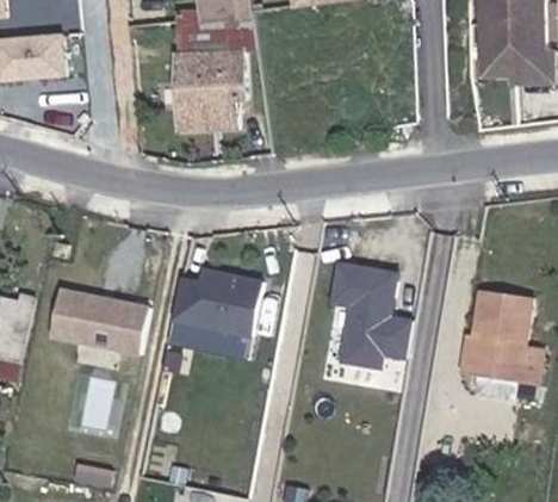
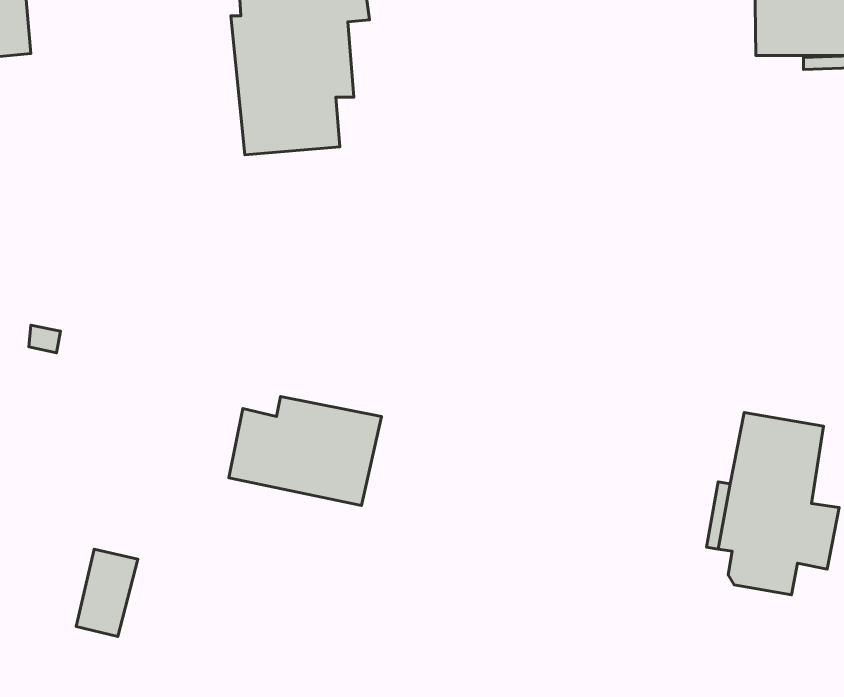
building: [331,267,413,372] -> none
building: [50,293,149,358] -> none

